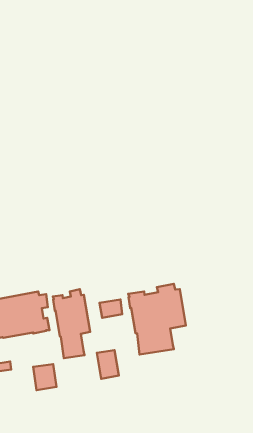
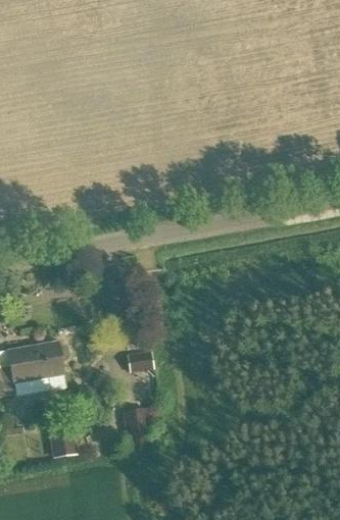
building: [128,284,186,354] -> none
building: [53,289,90,358] -> none

